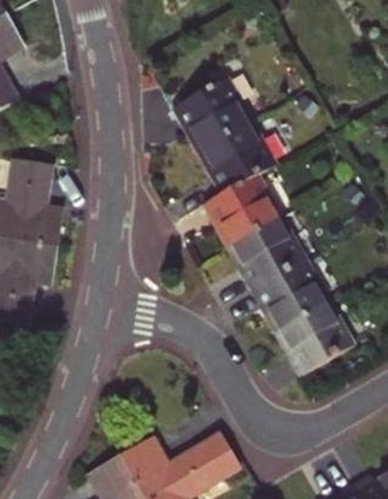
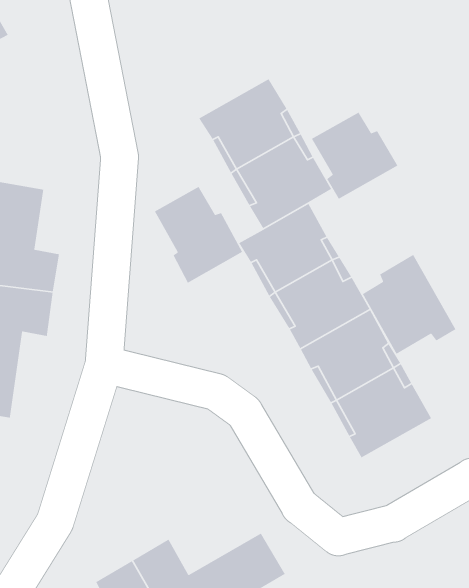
building: none -> [311,111,398,200]
building: none -> [154,186,243,284]
building: none -> [362,254,456,355]

